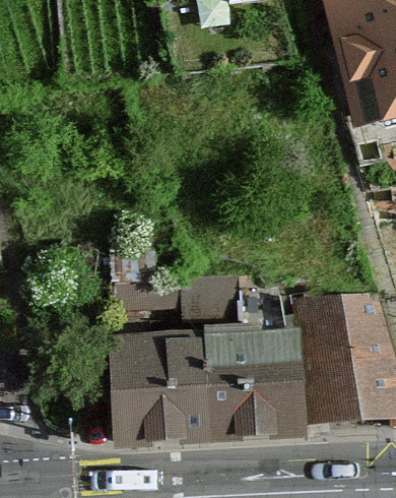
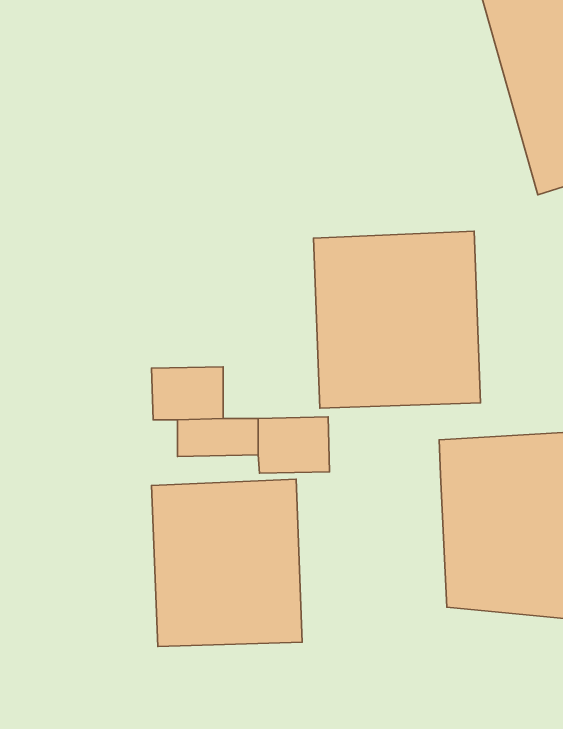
building: none -> [313,231,481,408]
building: [203,325,304,437] -> none

